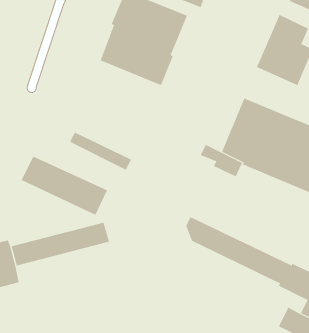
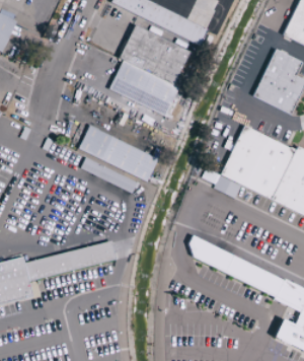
building: [21,156,108,215] -> [78,126,158,181]

